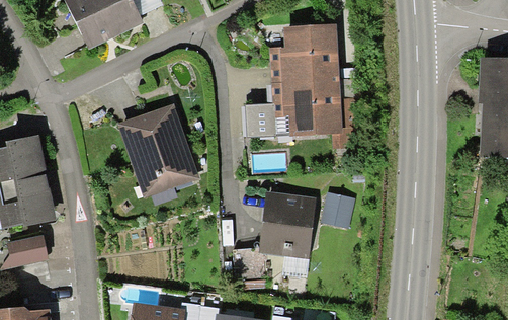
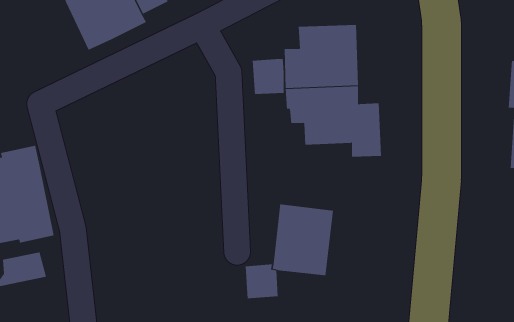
building: [117,103,199,197] -> none
building: [245,103,275,137] -> [252,58,284,94]
building: [321,191,354,227] -> none

